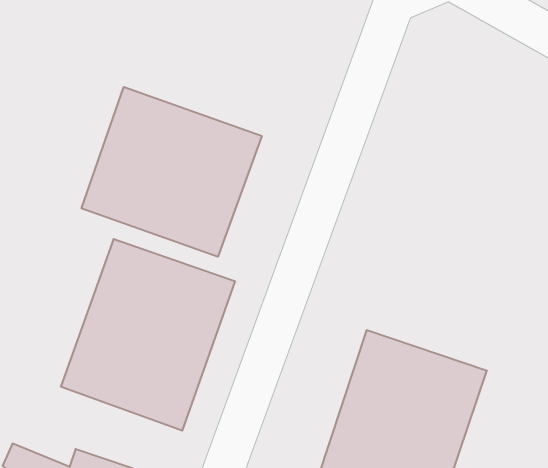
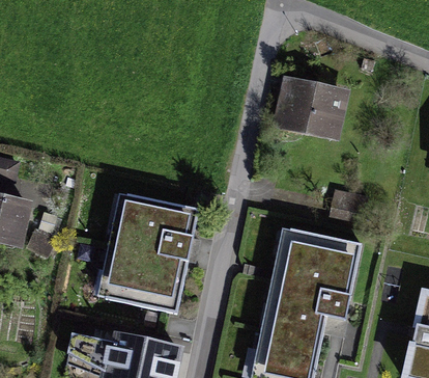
building: none -> [275,74,352,133]
building: [82,87,262,257] -> none

